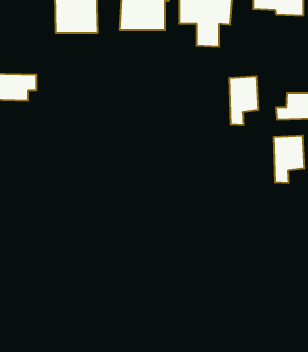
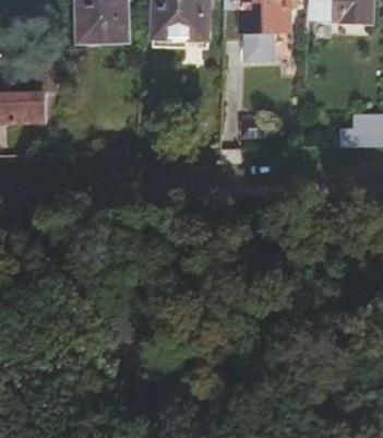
building: [230,76,258,125] -> none
building: [274,135,304,183] -> none

